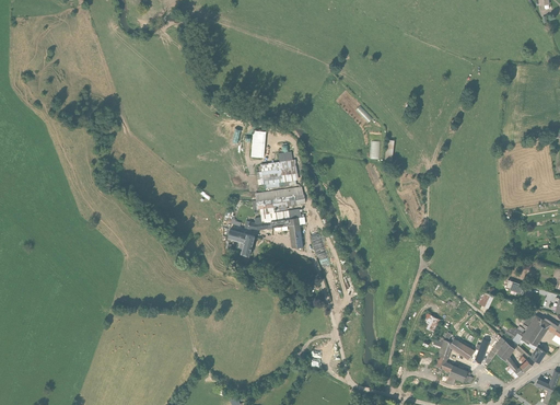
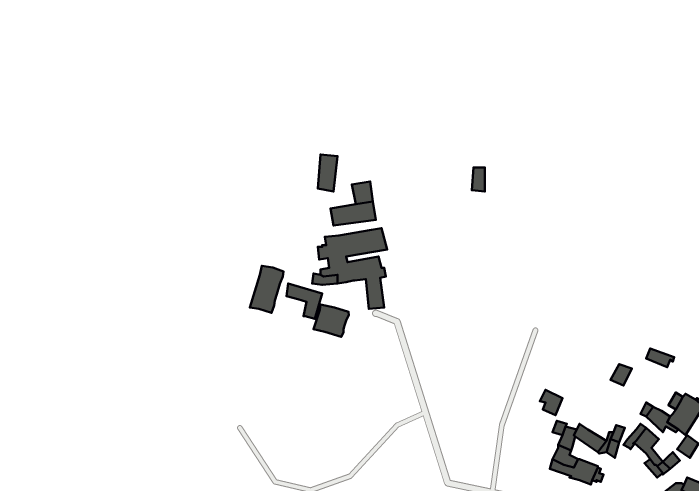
building: none -> [250,266,283,313]
building: none -> [313,304,349,337]

